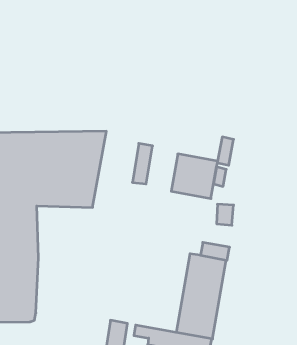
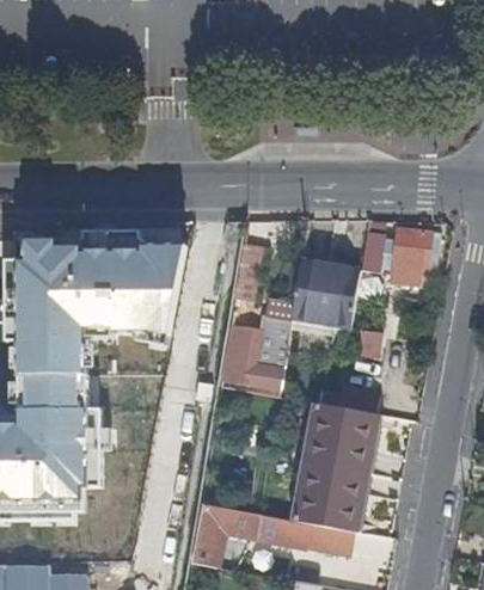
building: none -> [388,234,429,289]
building: none -> [215,321,286,398]

